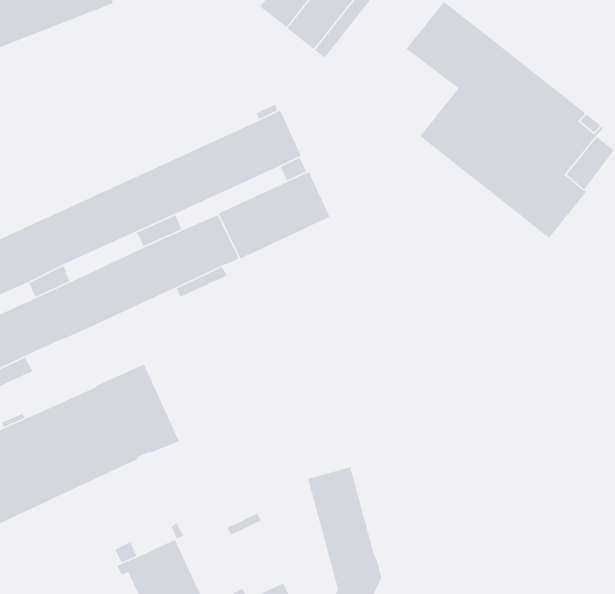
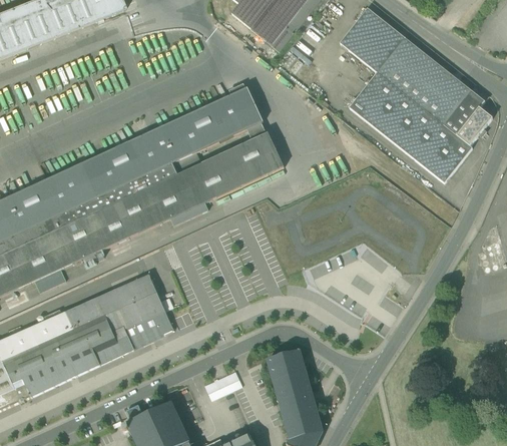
building: none -> [203,371,241,394]

